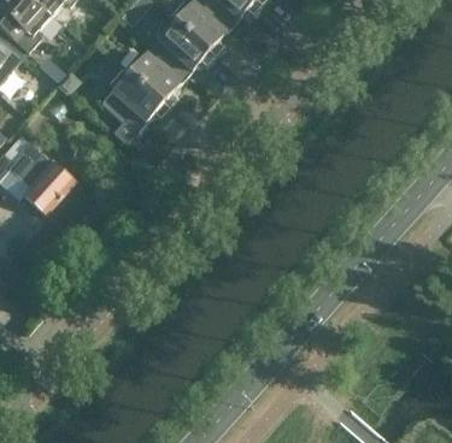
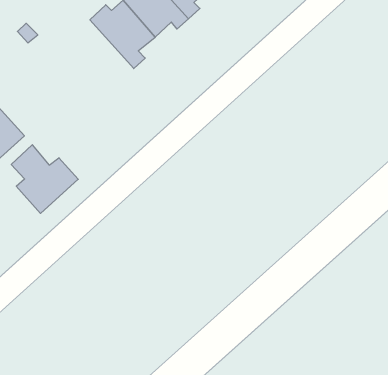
building: [101,65,170,131] -> none
building: none -> [11,145,78,213]

